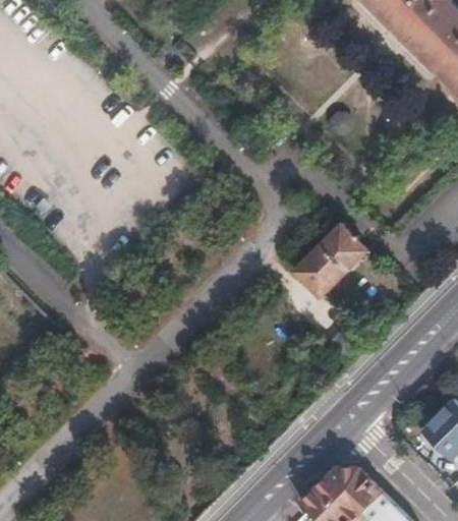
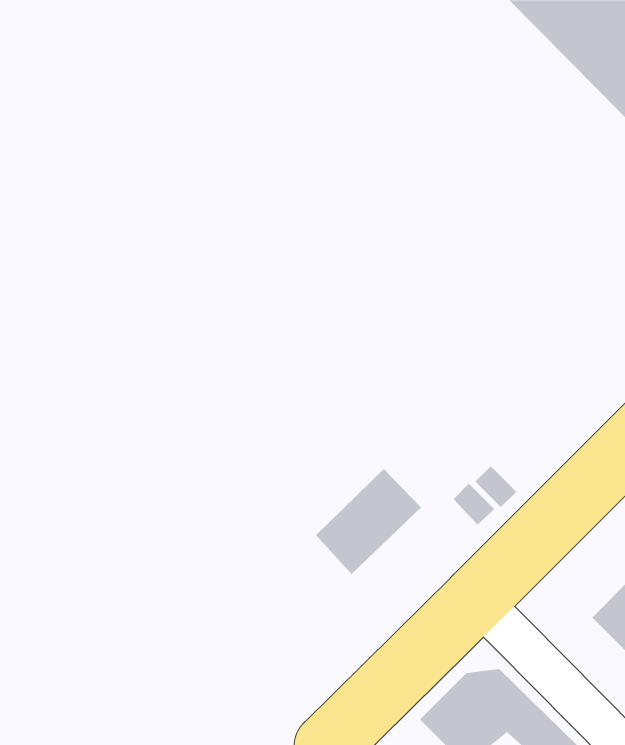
building: [291,223,365,297] -> [315,468,422,575]

